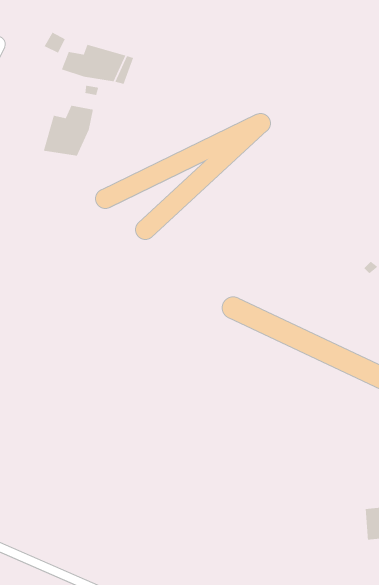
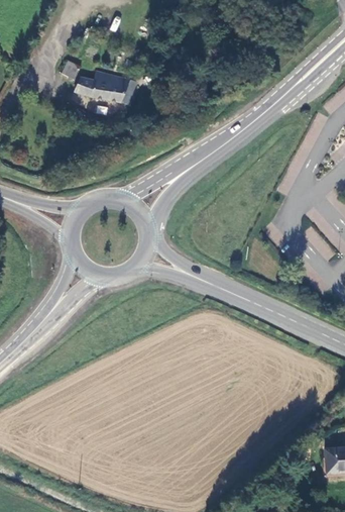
building: [43,105,94,156] -> none

